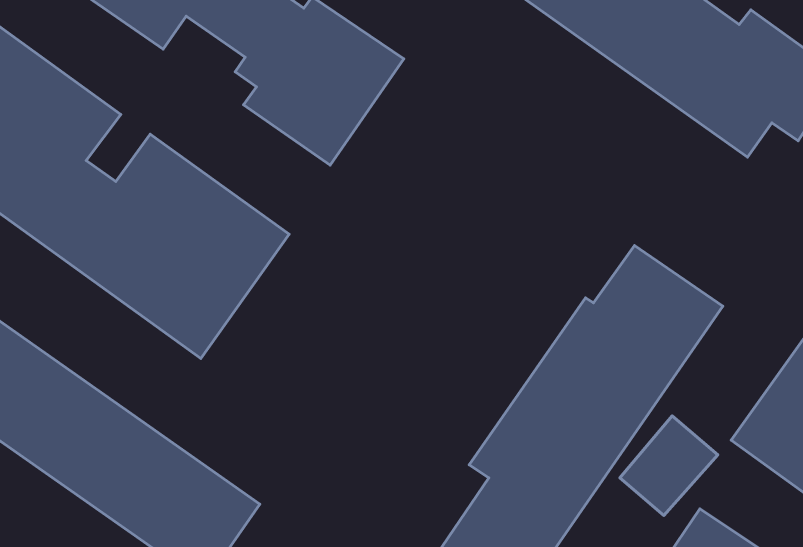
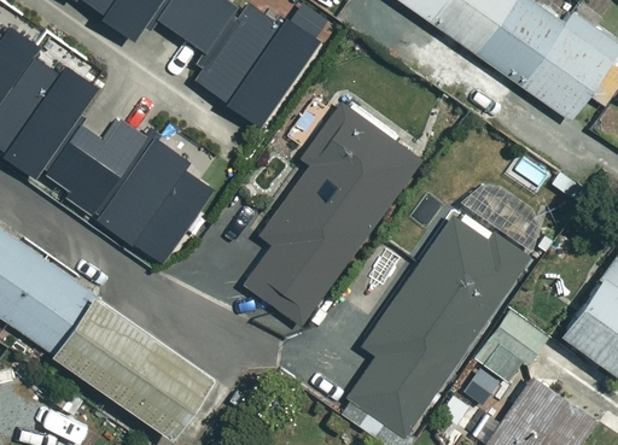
building: none -> [245,106,425,332]

